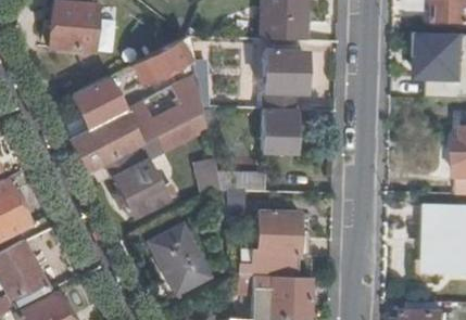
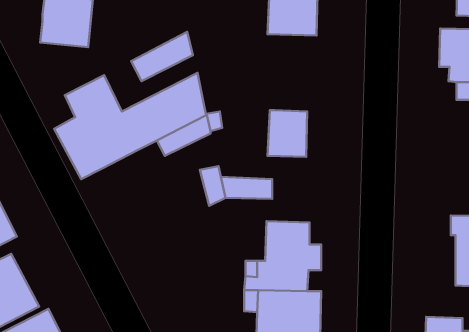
building: [263,50,305,110] -> none
building: [106,145,174,217] -> none
building: [149,225,207,293] -> none

